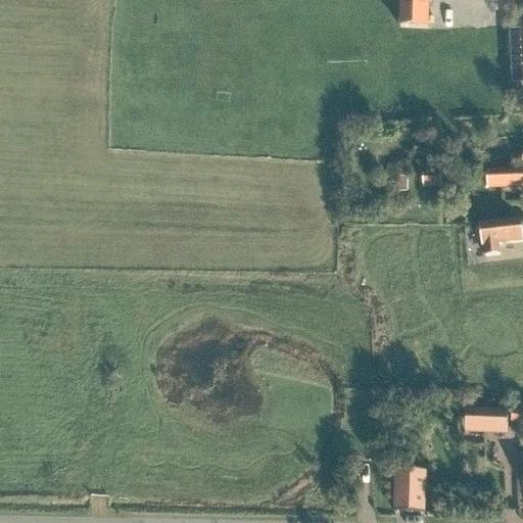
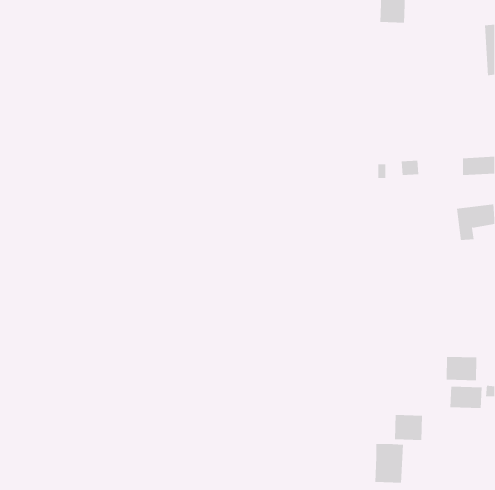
building: none -> [446,356,477,381]
building: none -> [395,414,423,441]

